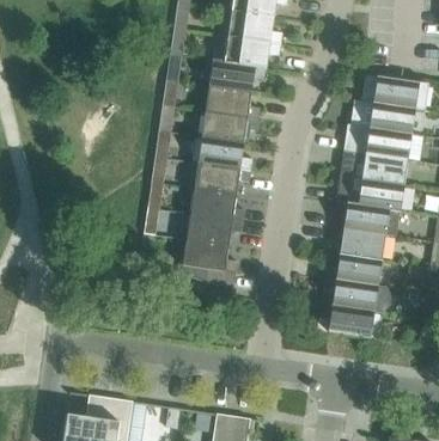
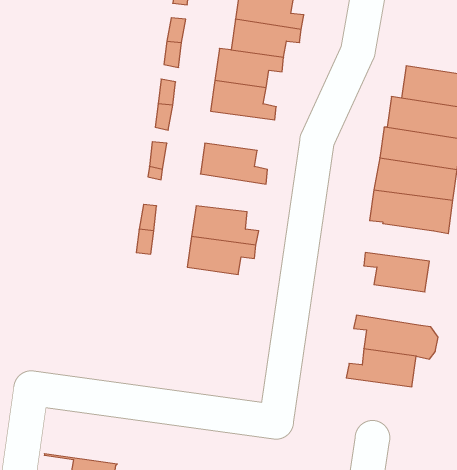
building: [201,111,258,143] -> none
building: [183,161,251,194] -> none
building: [333,203,401,235] -> none
building: [181,239,238,286] -> none
building: [325,253,382,287] -> none

